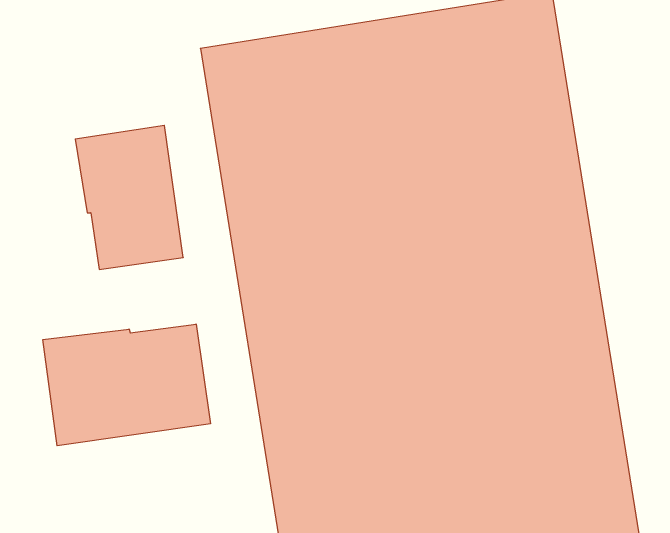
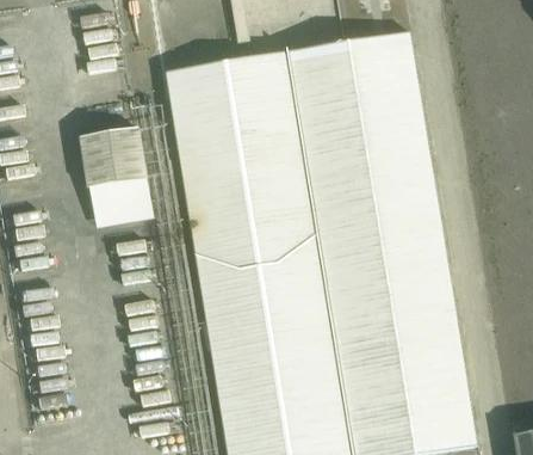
building: [43,324,210,446] -> none

